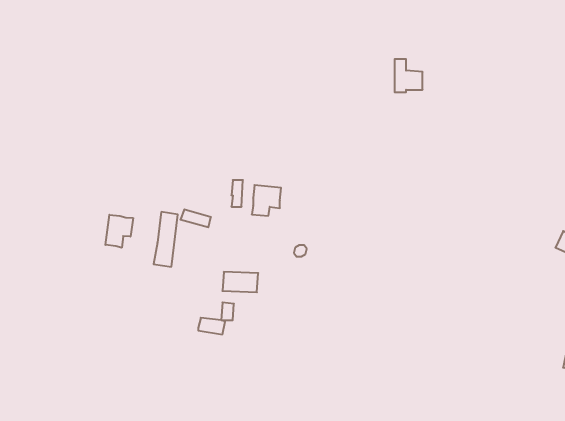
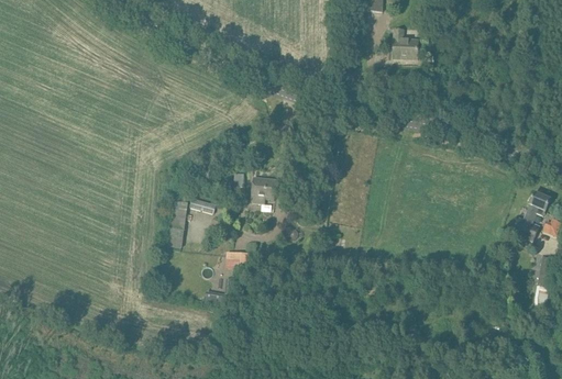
building: [395,59,423,92] -> [394,29,418,57]
building: [105,215,133,248] -> none

